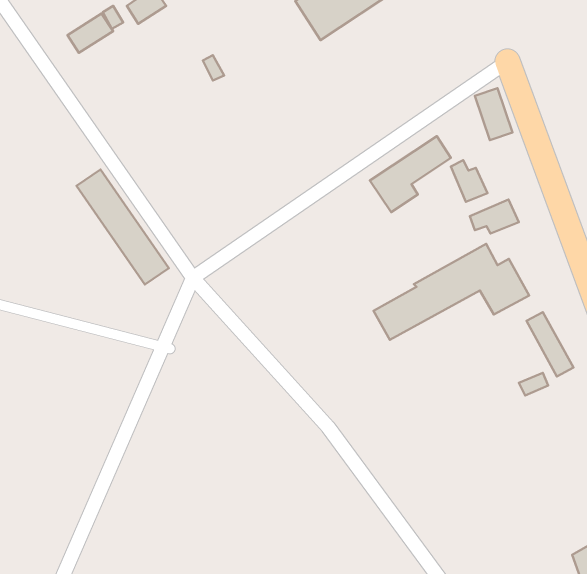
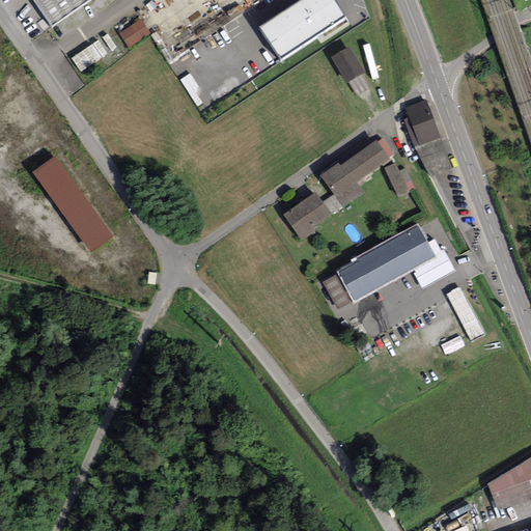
building: none -> [333,47,361,79]
building: [76,169,169,284] -> [34,156,110,250]
building: [470,199,519,234] -> none
building: none -> [284,193,327,235]

